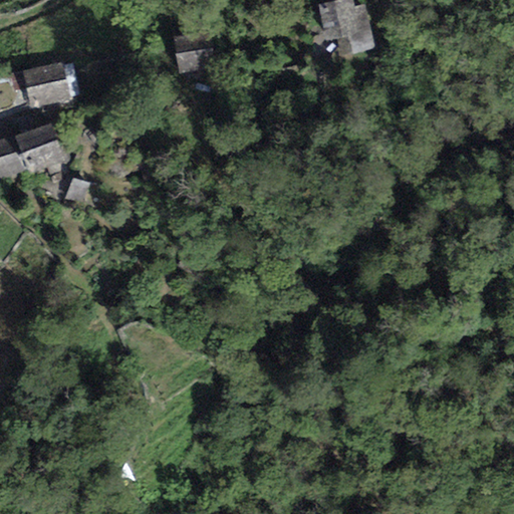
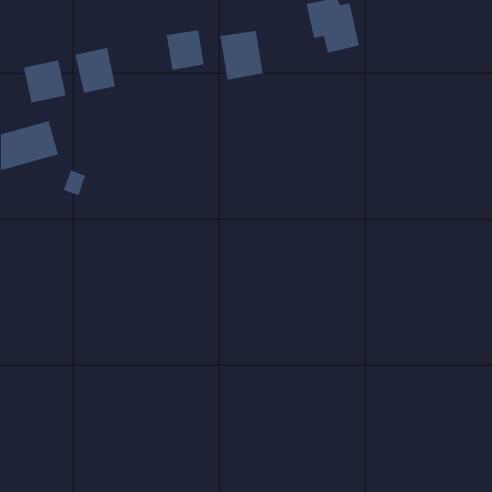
building: none -> [220,30,263,80]
building: none -> [75,47,116,94]

